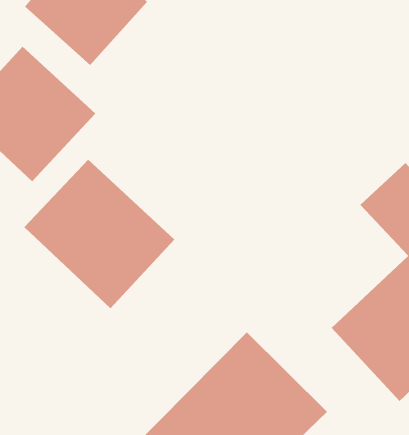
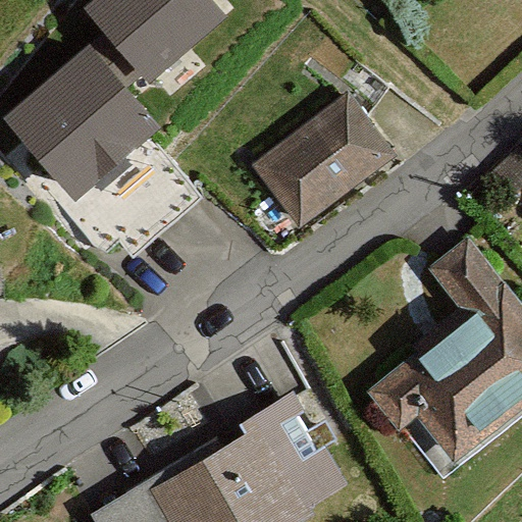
building: none -> [242,92,397,233]
building: [23,159,175,309] -> none

